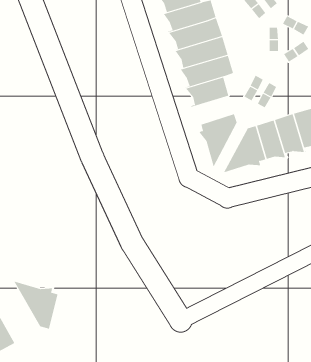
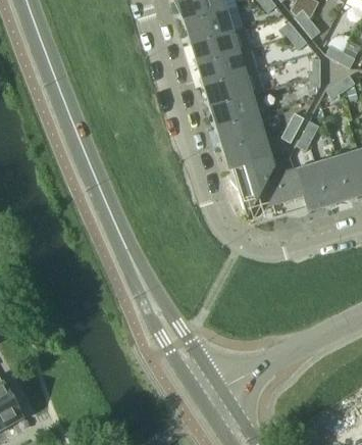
building: none -> [221,135,271,167]
building: [13,281,58,330] -> none

